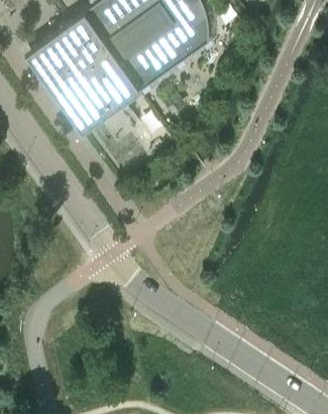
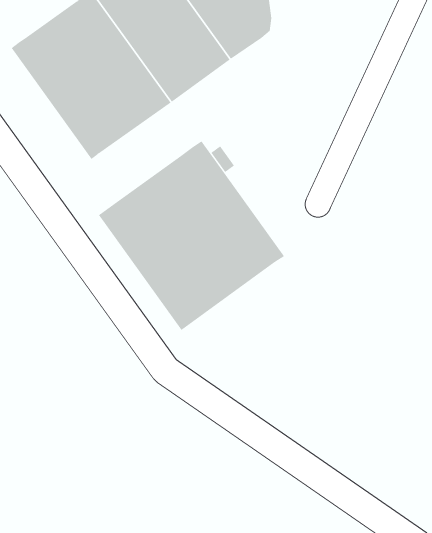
building: none -> [98,141,285,331]

